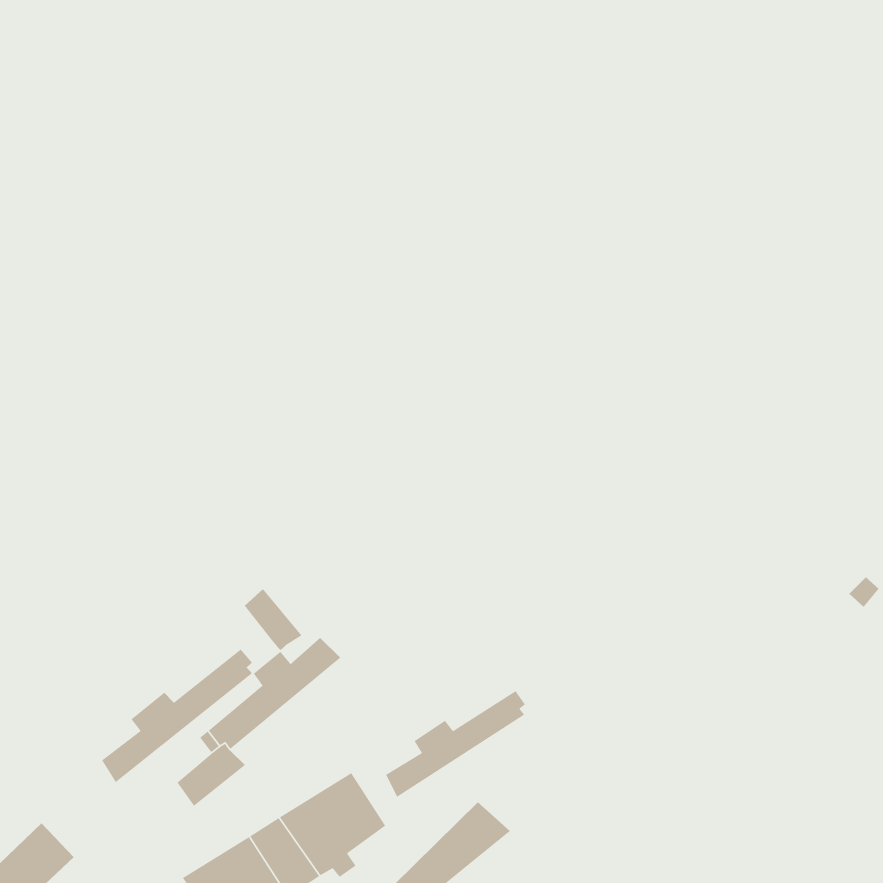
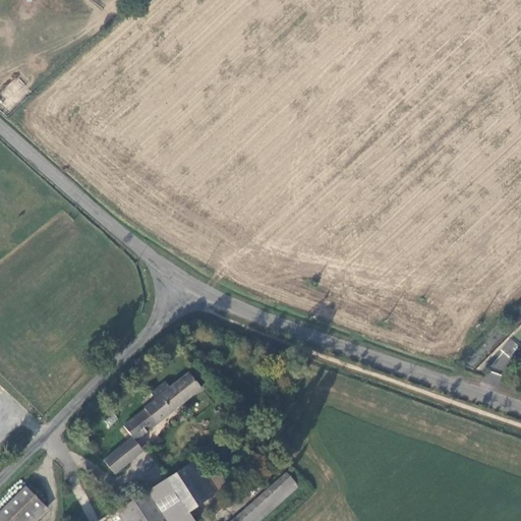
building: [244,588,302,651] -> none
building: [101,649,253,783] -> none
building: [385,690,526,798] -> none

